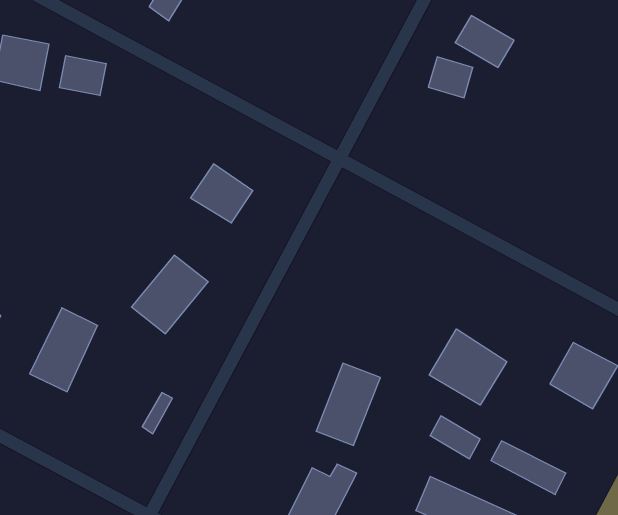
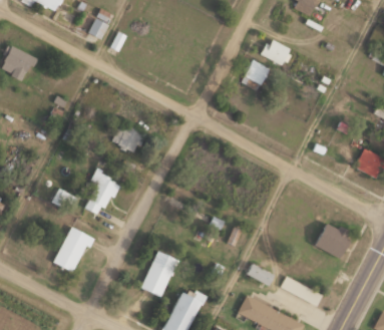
building: [60,56,106,96] -> none
building: [30,308,98,392] -> [54,226,92,273]
building: [429,329,507,405] -> none
building: [316,363,380,445] -> [142,251,178,297]

